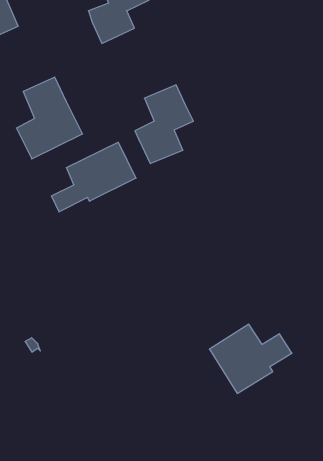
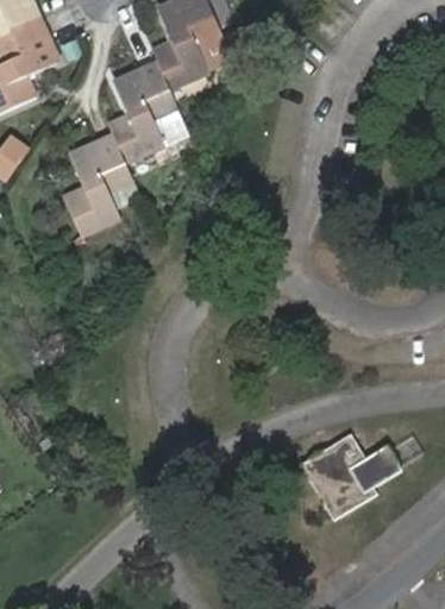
building: [135,85,193,164] -> [105,61,177,158]
building: [52,142,136,212] -> none

